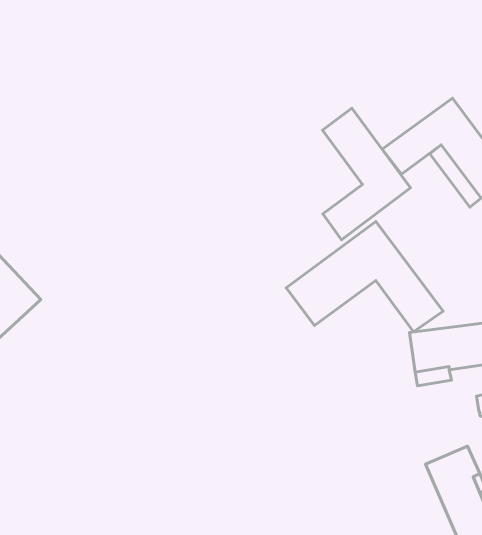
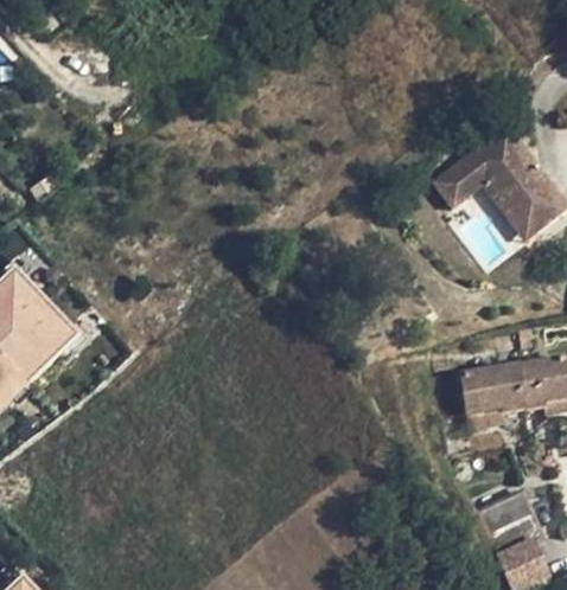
building: [323,108,411,240] -> none
building: [286,222,443,332] -> none

